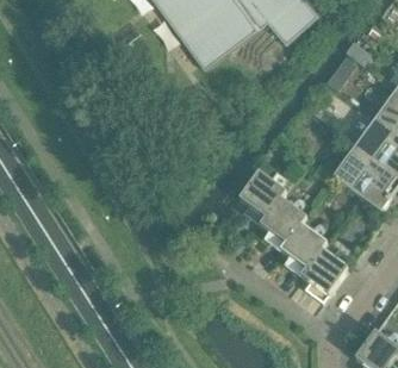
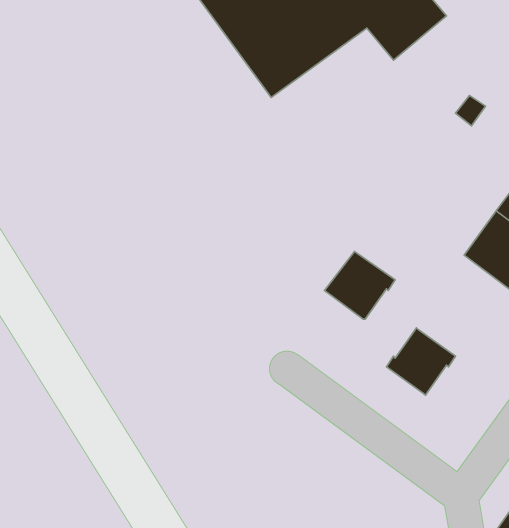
building: [260,197,306,243] -> none
building: [300,248,347,294] -> none

